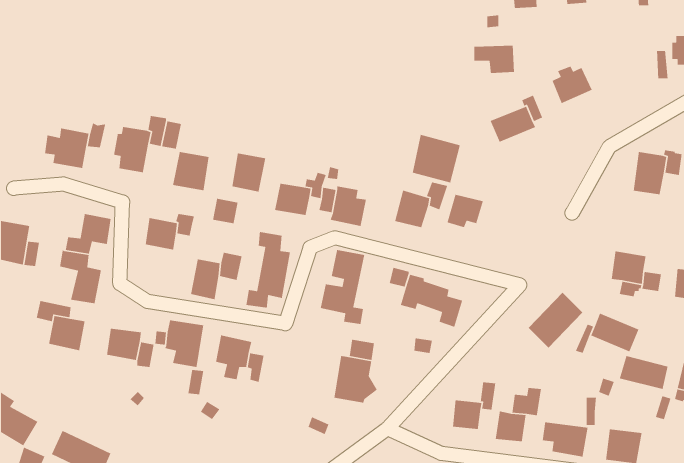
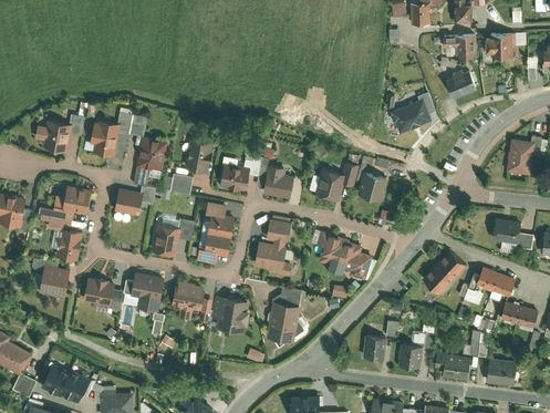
building: none -> [481,31,513,55]
building: [474,45,515,74] -> [440,33,474,56]
building: [412,134,461,183] -> none
building: none -> [216,298,251,332]

